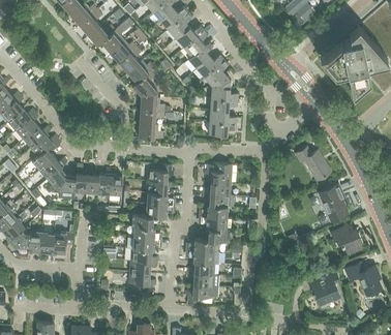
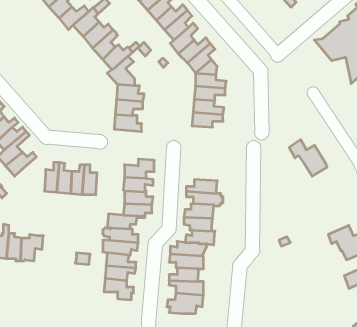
building: [204,163,232,183] -> none
building: [48,169,76,197] -> none
building: [319,184,348,220] -> none
building: [312,272,339,305] -> none

